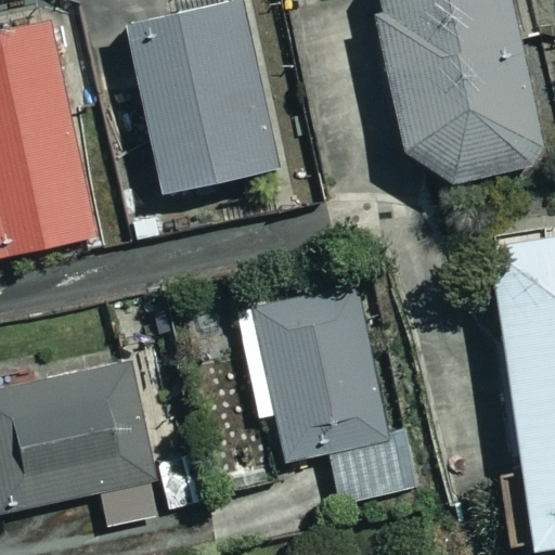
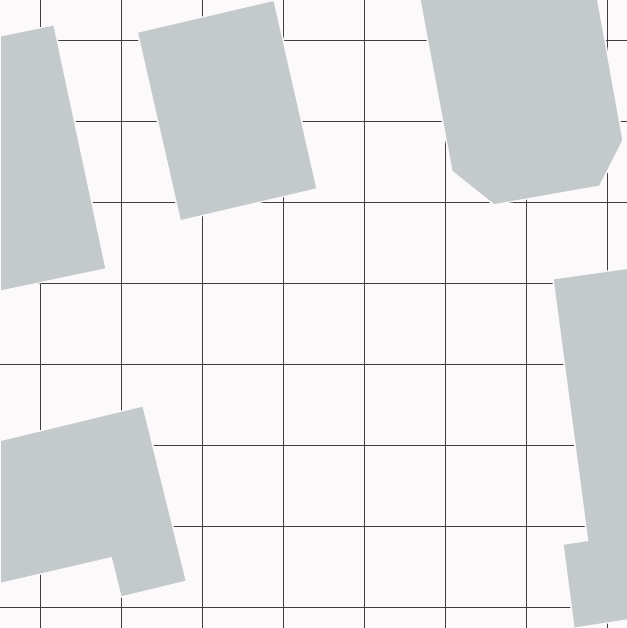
building: [238,288,402,502] -> none

